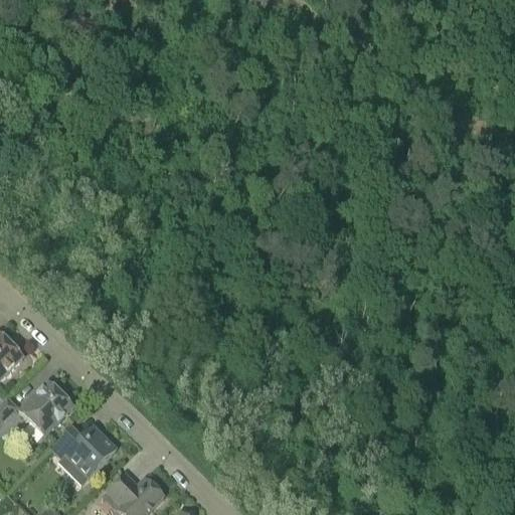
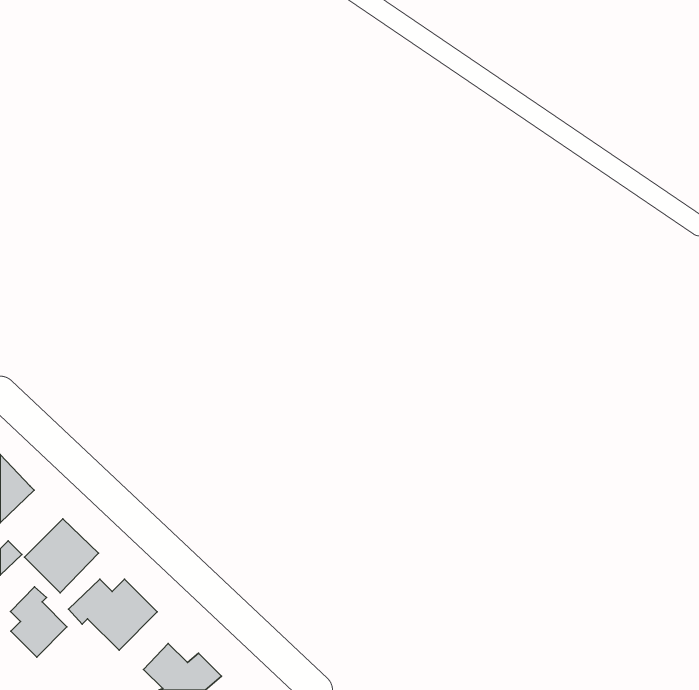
building: none -> [11,587,67,657]

